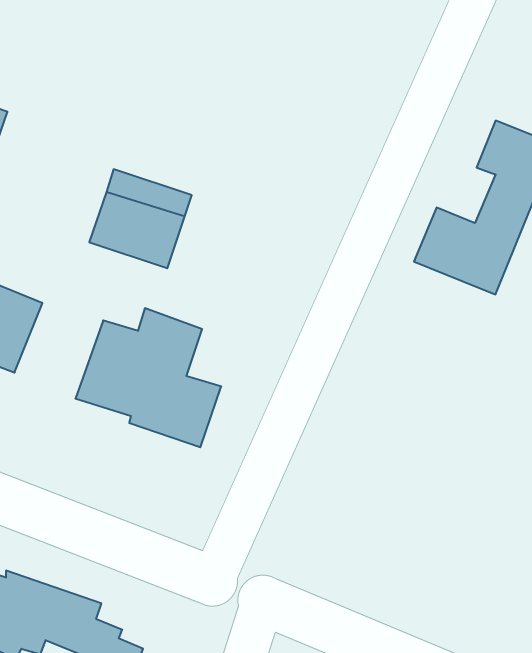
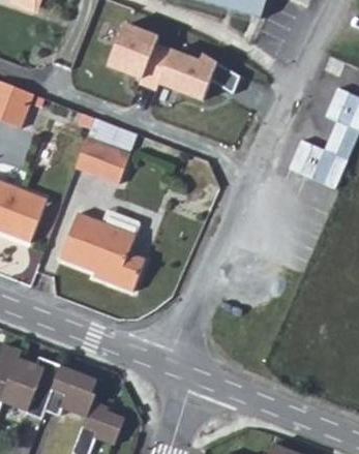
building: none -> [102,27,236,102]

